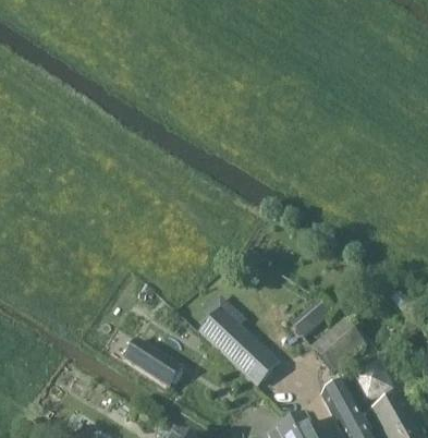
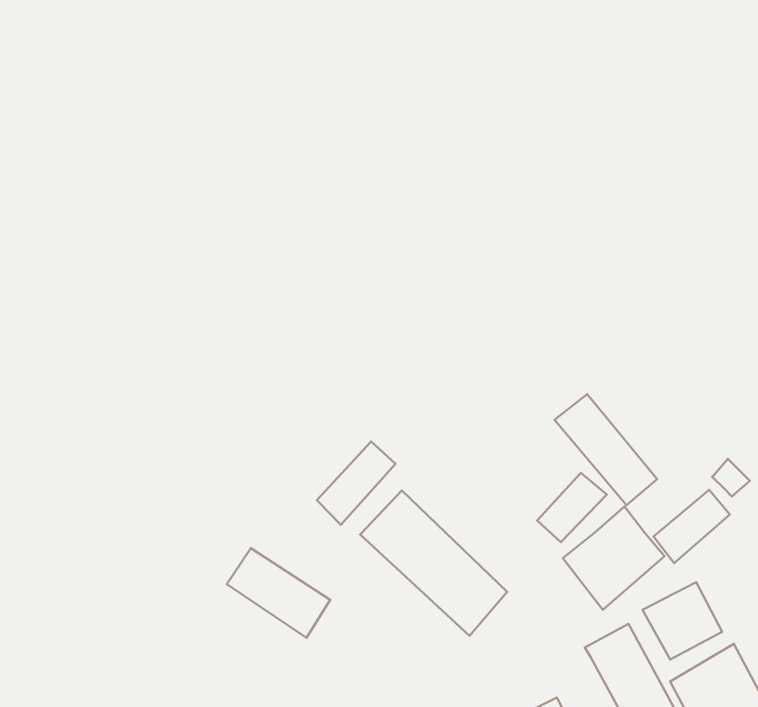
building: none -> [554,394,657,505]
building: none -> [317,442,395,525]
building: none -> [654,490,730,563]

